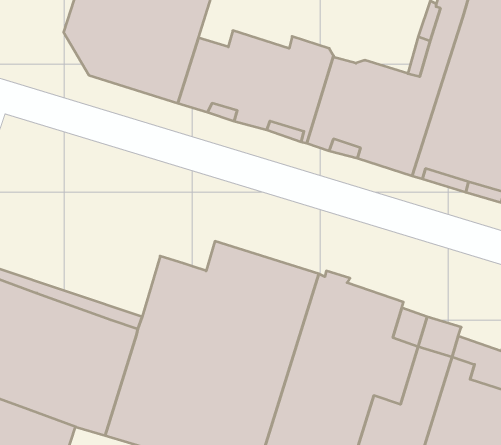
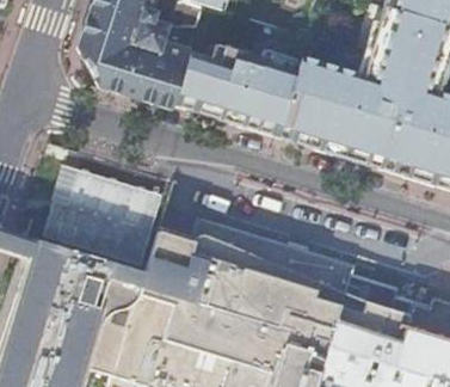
building: none -> [37,166,156,265]

